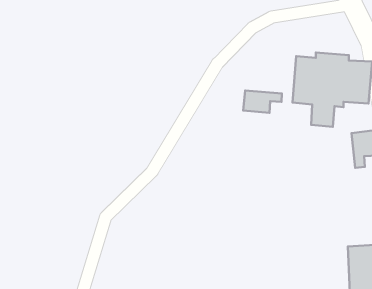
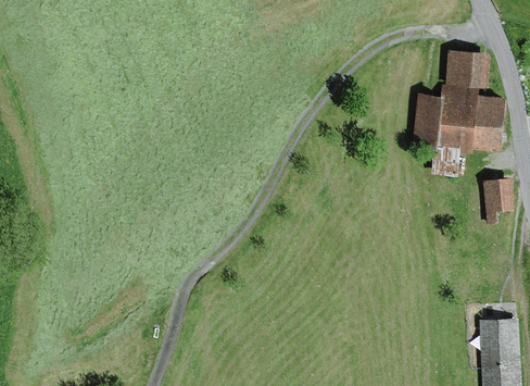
building: none -> [445,51,490,86]
building: [243,90,282,113] -> none

